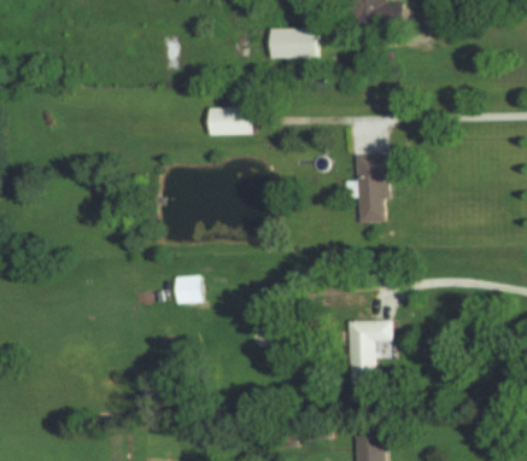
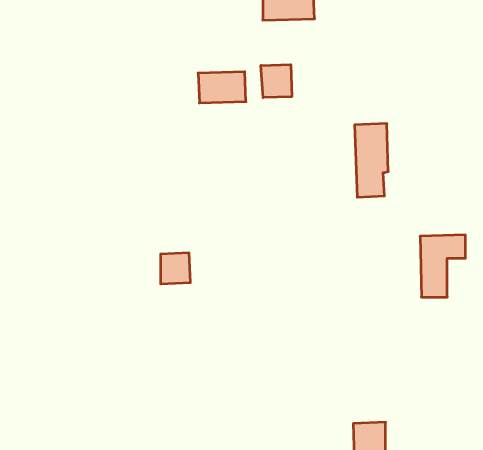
building: none -> [261,65,292,98]
building: [351,320,393,378] -> [420,235,465,297]

